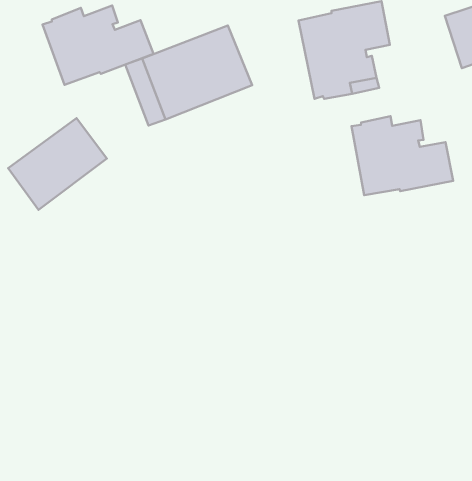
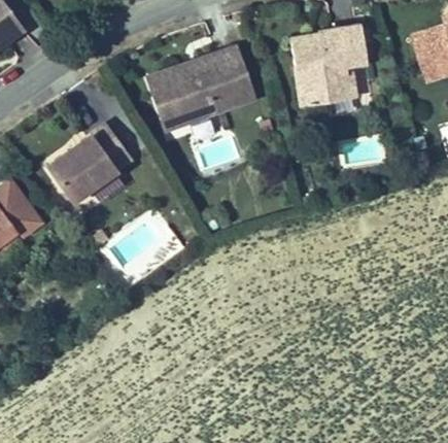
building: [42,5,153,85] -> none
building: [351,116,453,195] -> none

